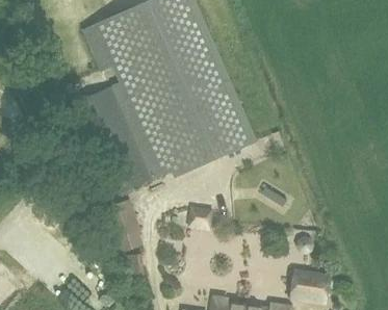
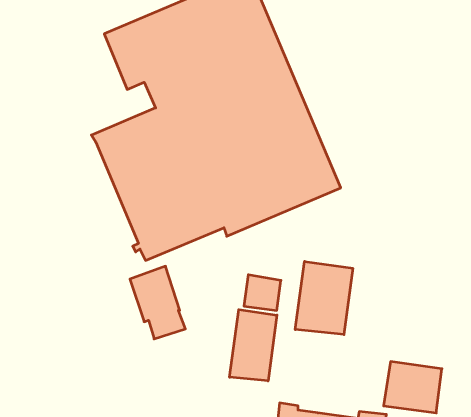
building: none -> [295,261,353,335]
building: none -> [230,310,277,381]

